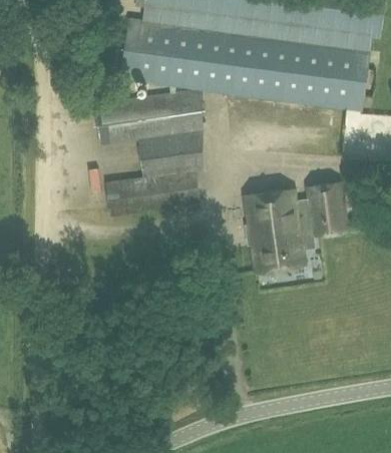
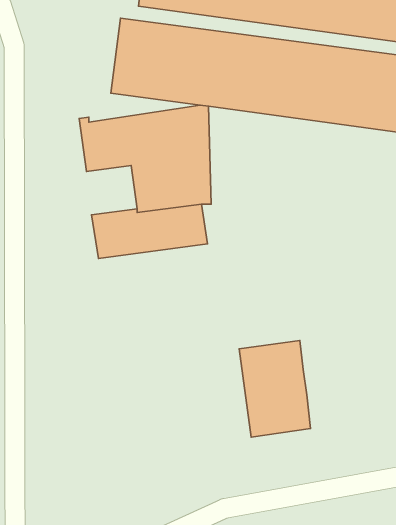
building: [304,182,349,238] -> none
building: [245,191,304,272] -> [239,341,311,437]

